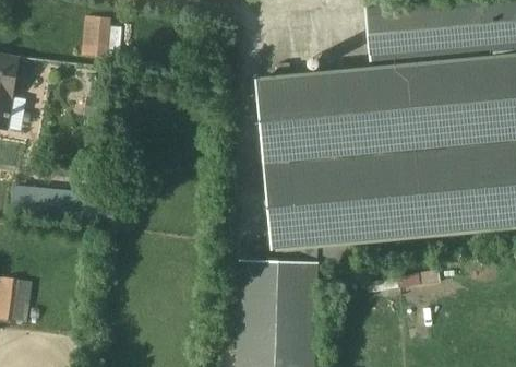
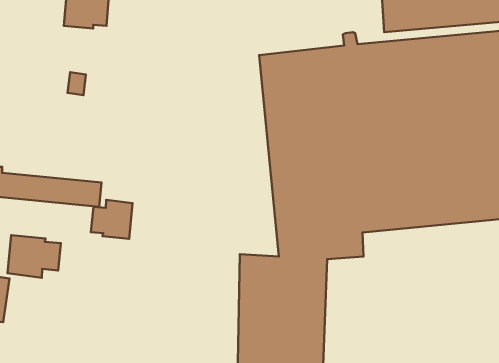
building: none -> [91,200,132,239]
building: none -> [7,235,61,278]

